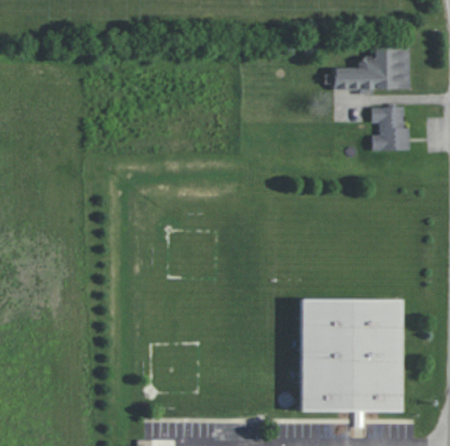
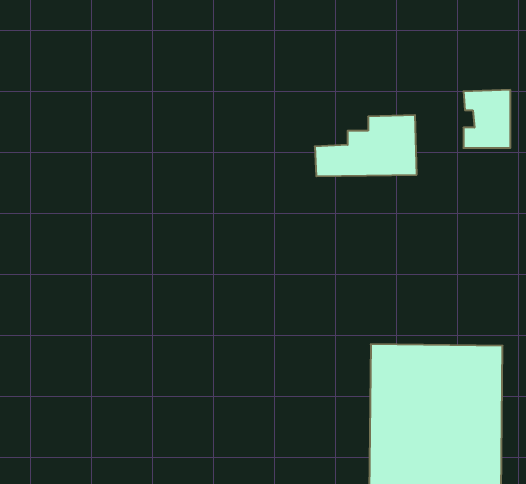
building: [333,44,411,90] -> [315,115,417,176]

